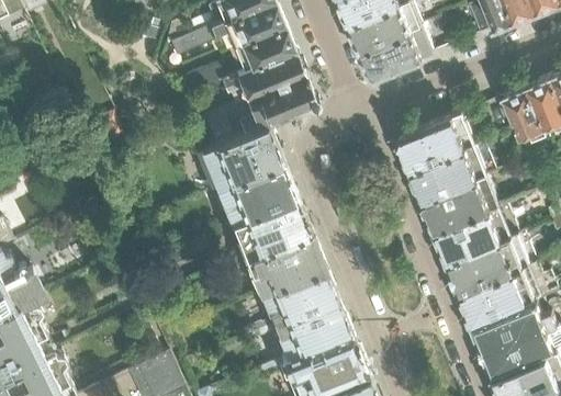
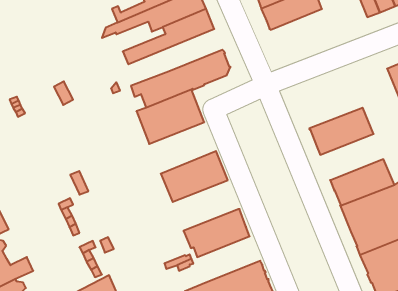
building: [363,29,437,79] -> none
building: [221,53,305,104] -> none
building: [402,117,475,173] -> none
building: [216,166,298,228] -> none
building: [424,180,501,236] -> none
building: [245,236,325,297] -> none
building: [274,304,351,360] -> none

